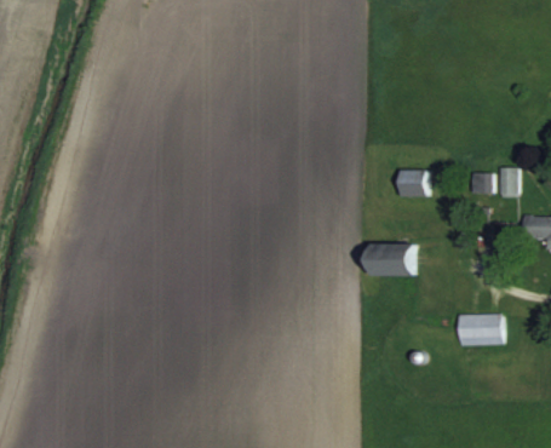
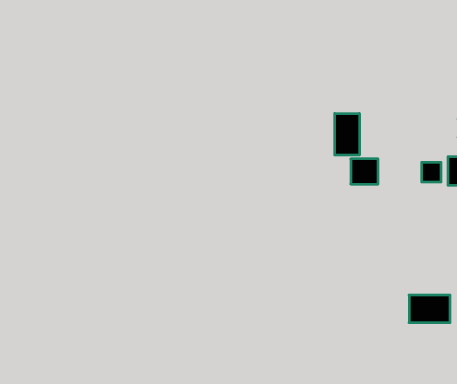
building: none -> [335,113,359,155]
building: [373,243,417,276] -> none

